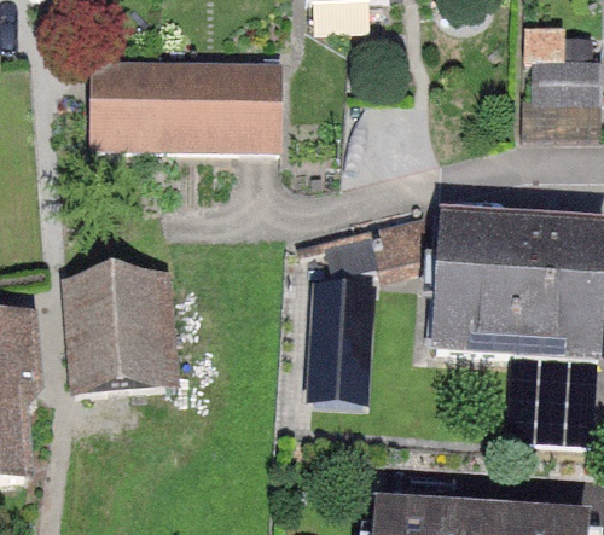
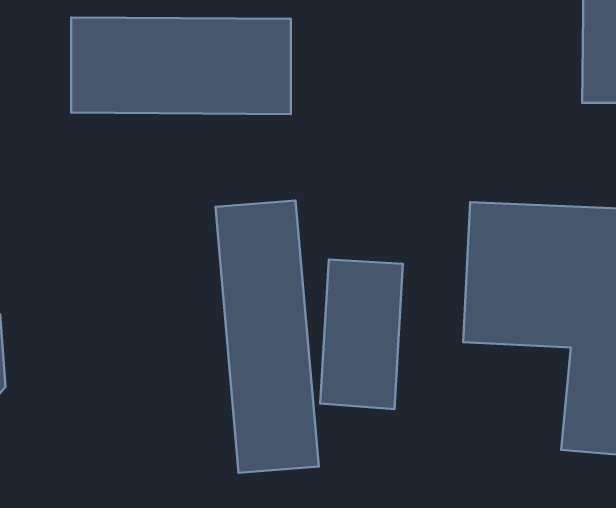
building: none -> [215,201,319,473]
building: [65,272,164,388] -> none

